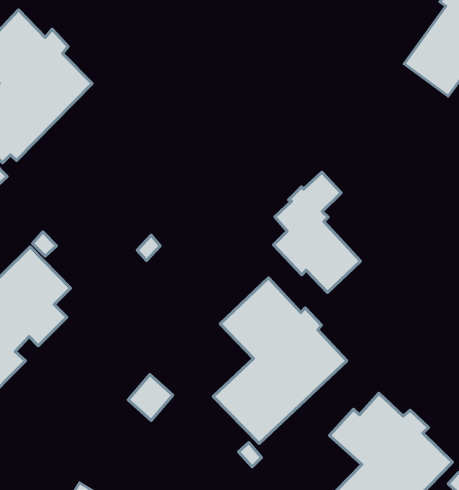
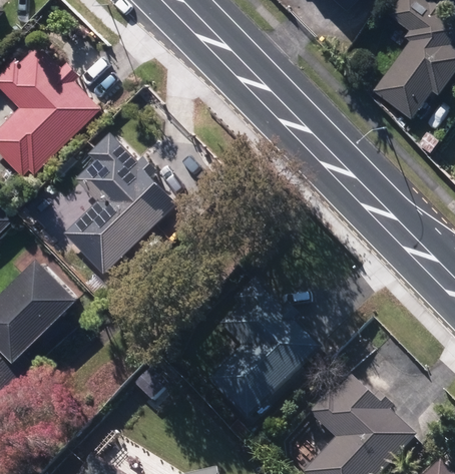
building: none -> [63,131,175,273]
building: [273,172,360,292] -> none

